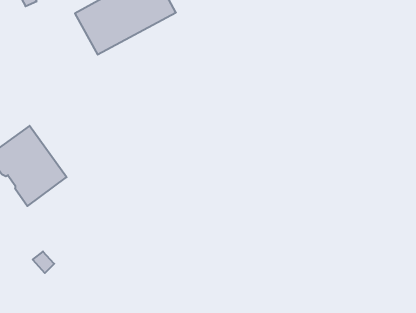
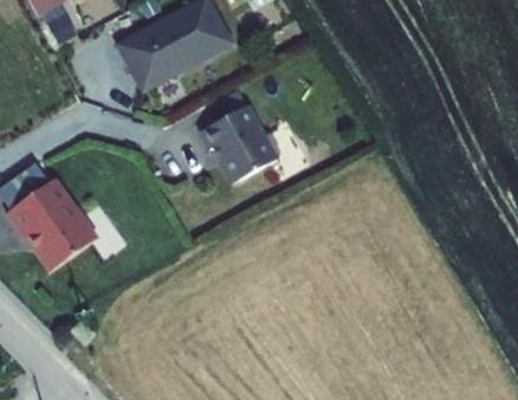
building: none -> [199,105,276,185]

